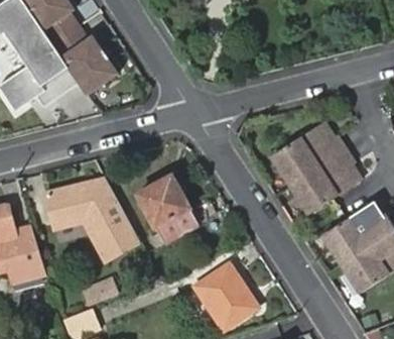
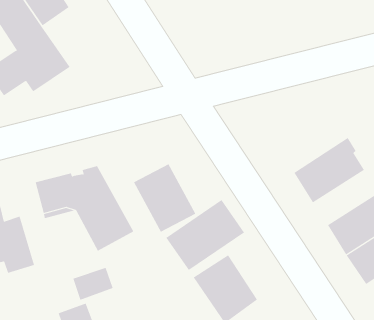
building: [50,25,115,93] -> none
building: [273,124,345,185] -> none
building: none -> [166,199,245,271]

